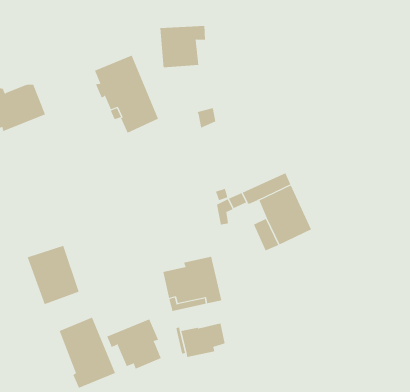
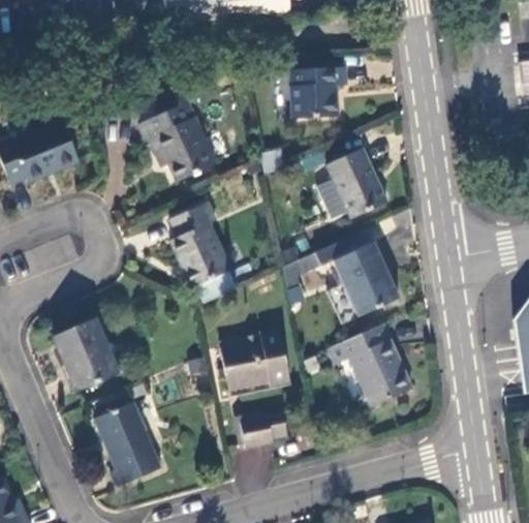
building: [159,25,206,68] -> [291,66,347,117]
building: none -> [318,150,387,220]
building: none -> [170,204,230,287]
building: none -> [347,328,412,408]
building: [107,319,161,369] -> none

